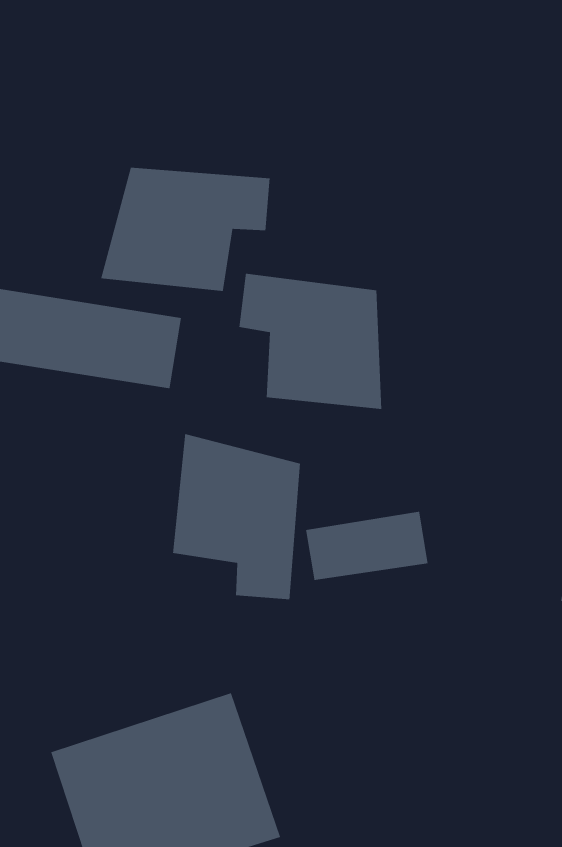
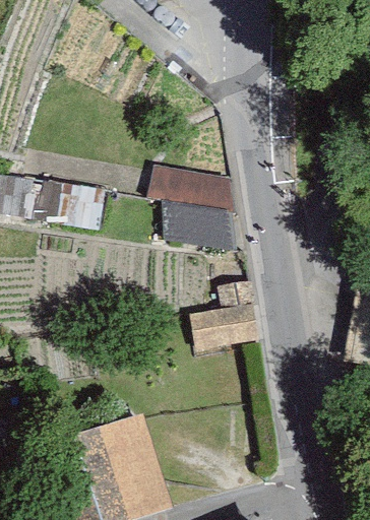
building: [100,167,270,292] -> none
building: [172,433,301,600] -> none

